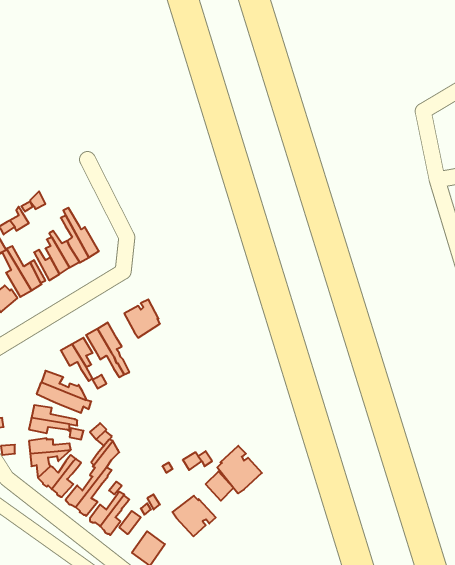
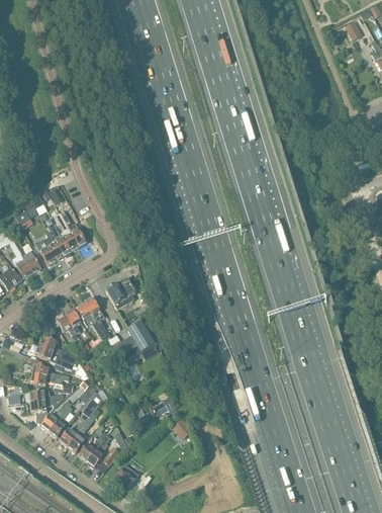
building: none -> [126,319,155,350]
building: [217,446,262,493] -> none
building: [172,496,216,536] -> none

